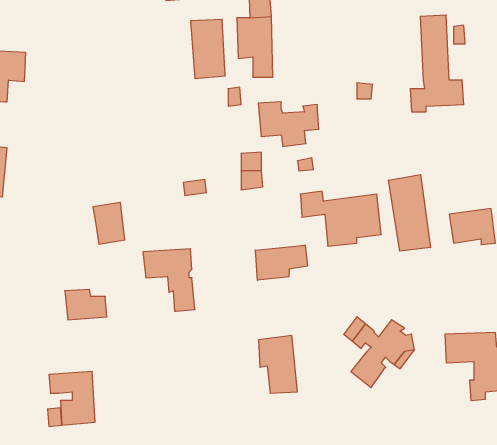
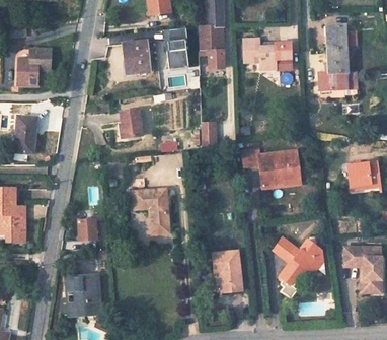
building: none -> [123,42,148,73]
building: [258,102,319,146] -> [242,37,285,68]
building: [389,175,431,251] -> none
building: [93,202,125,244] -> [119,109,141,138]
building: [255,245,307,280] -> none

